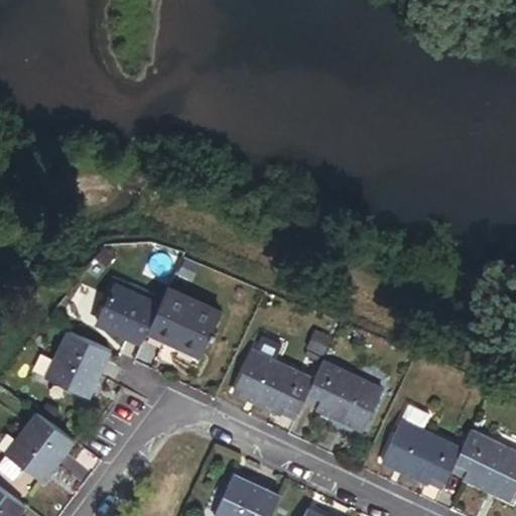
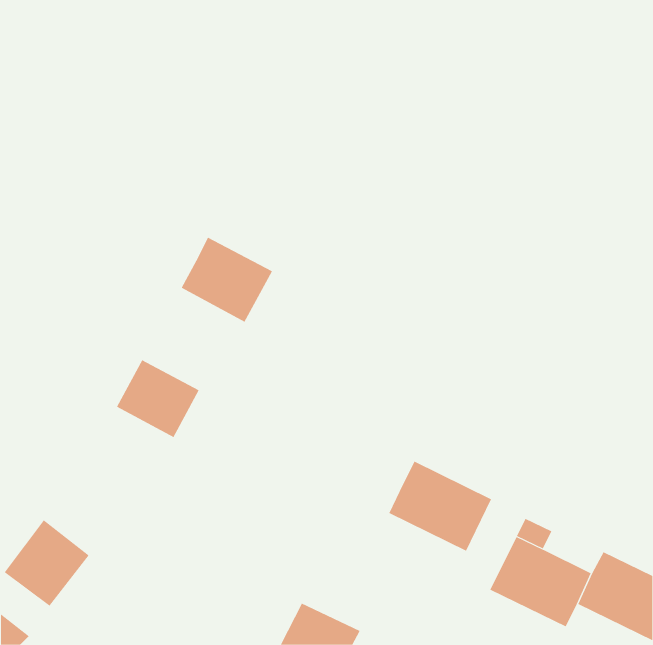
building: [144,291,217,359] -> [181,237,273,322]
building: [42,329,101,391] -> none
building: [237,351,317,421] -> none

